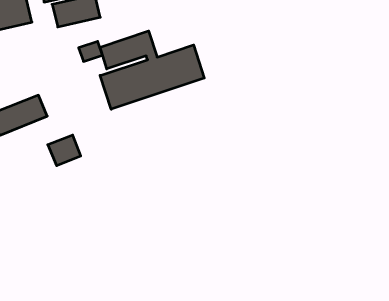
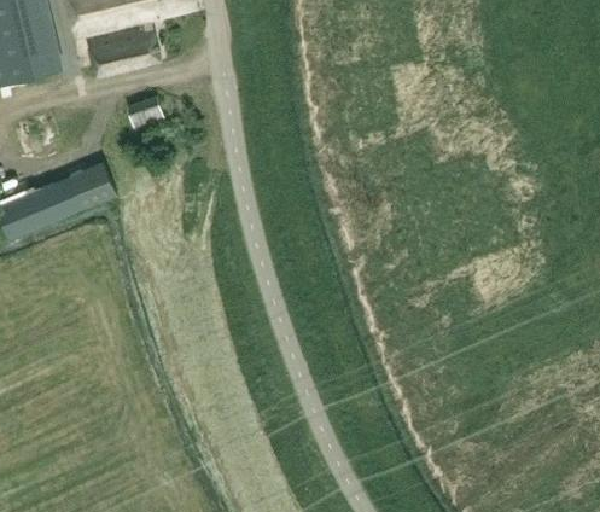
building: [100,31,204,109] -> none
building: [48,135,81,166] -> [68,162,117,208]

